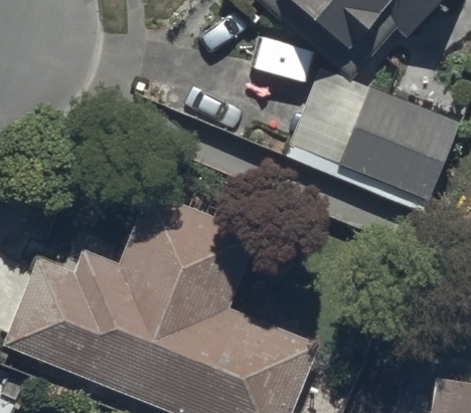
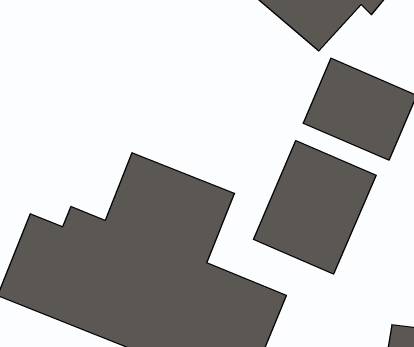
building: none -> [253,141,376,274]

